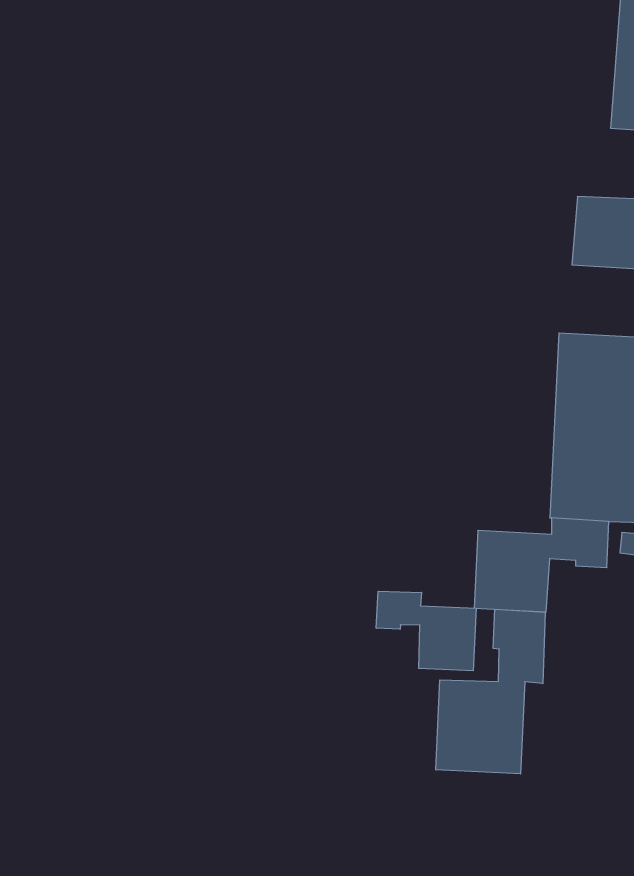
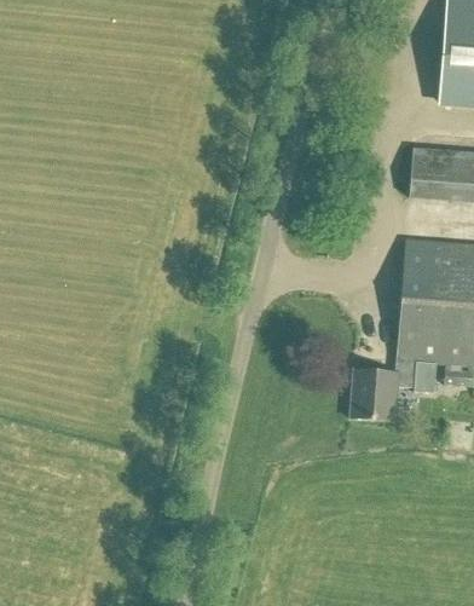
building: [376,591,476,671] -> none
building: [436,609,545,774] -> none

